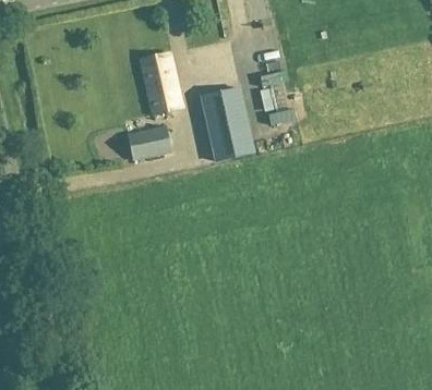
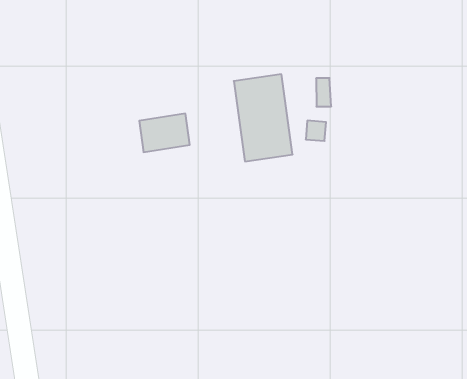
building: [141,51,181,113] -> none

